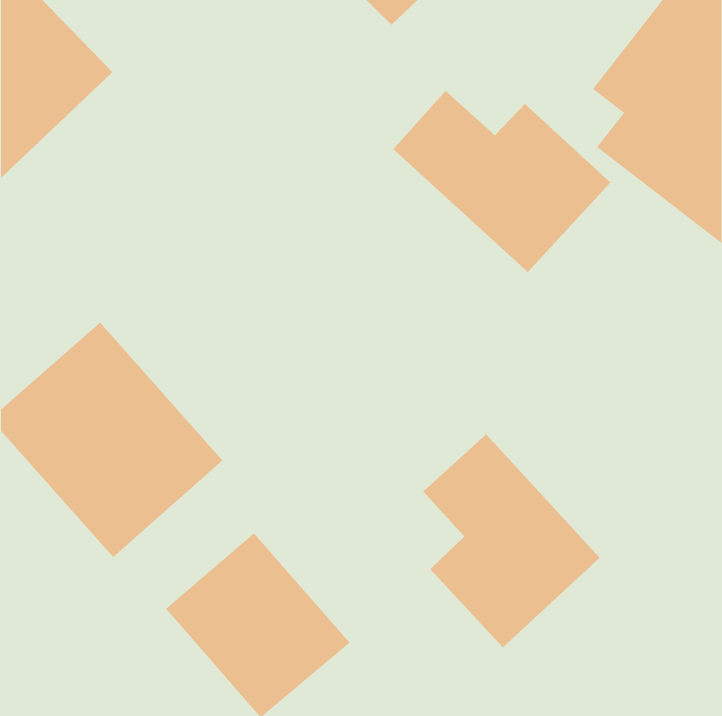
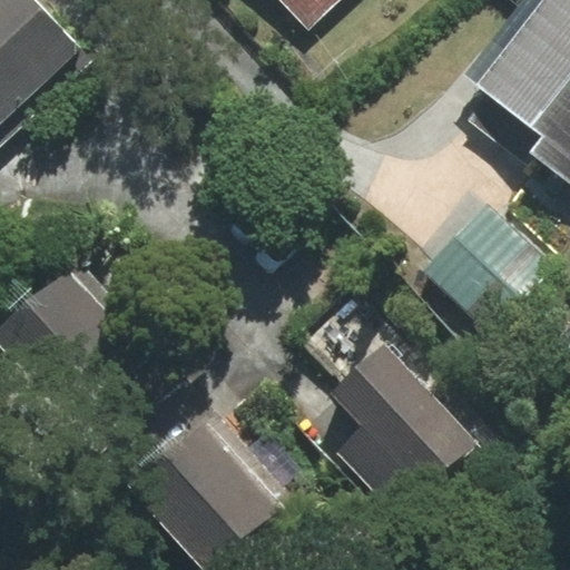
building: [392,90,611,273] -> none
building: none -> [428,203,564,337]

